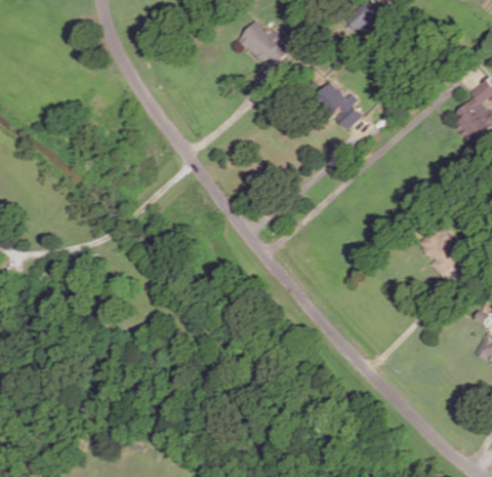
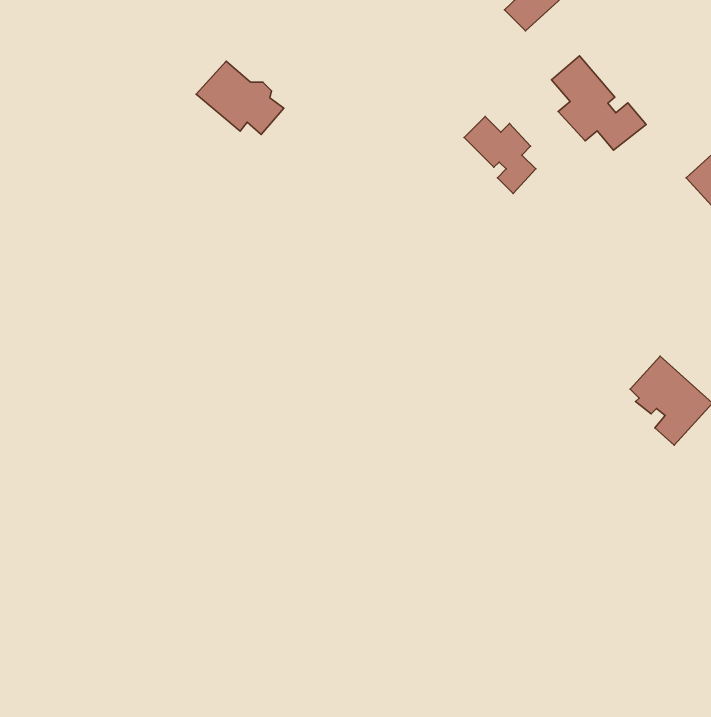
building: [237,22,288,65] -> [196,61,284,135]
building: none -> [551,56,646,150]

